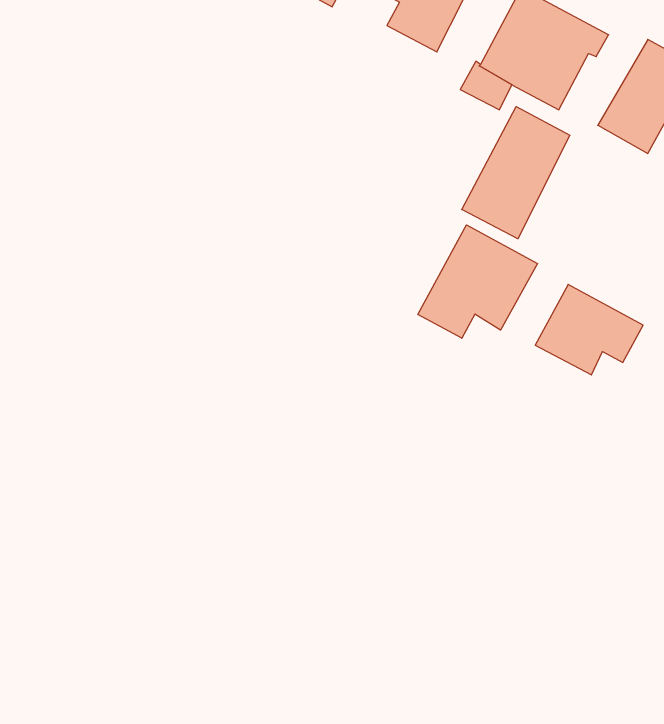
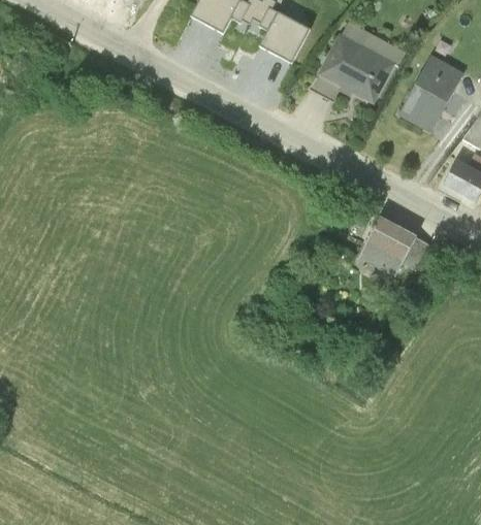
building: [462,107,570,239] -> none
building: [418,225,538,338] -> none

